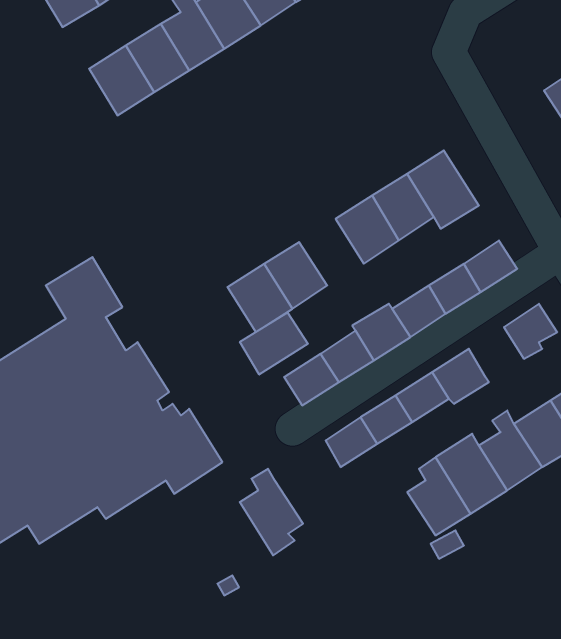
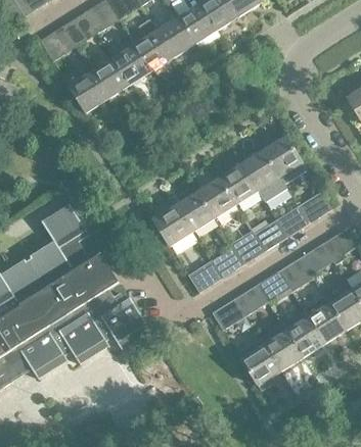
building: none -> [197,178,237,218]
building: [240,312,308,375] -> none
building: none -> [302,244,335,275]
building: [240,469,303,555] -> [242,338,281,391]

